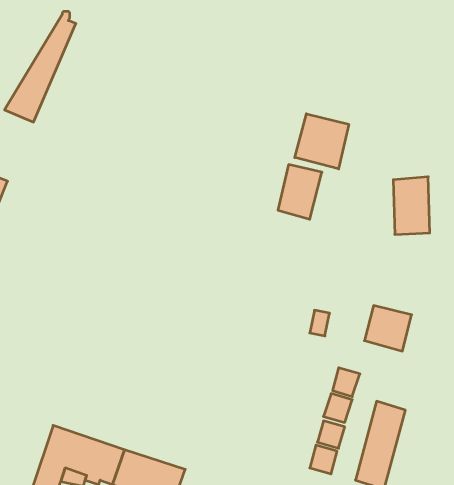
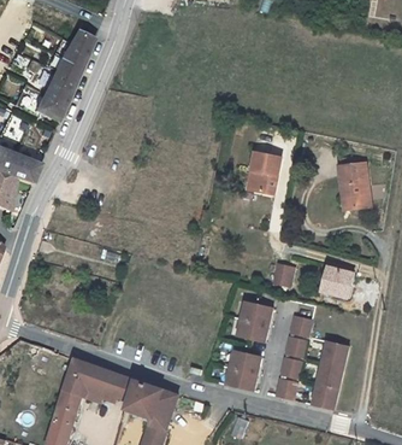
building: [295,114,349,169] -> none
building: none -> [237,297,276,339]
building: none -> [224,346,262,387]

